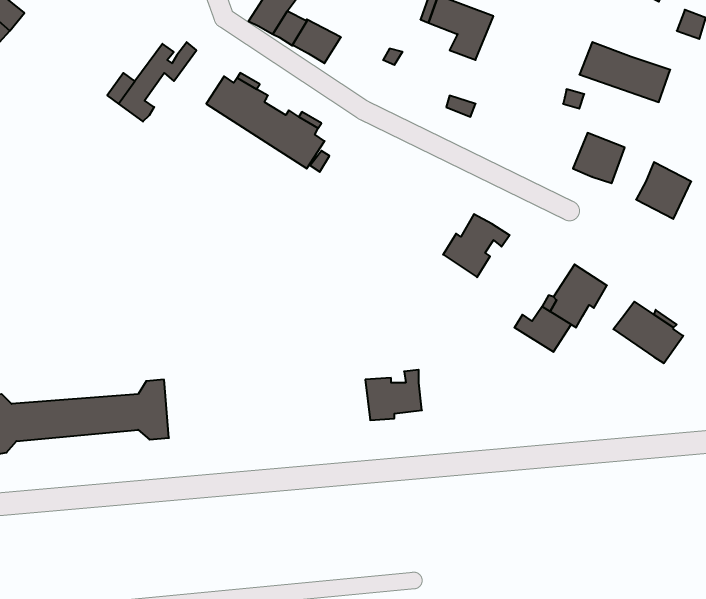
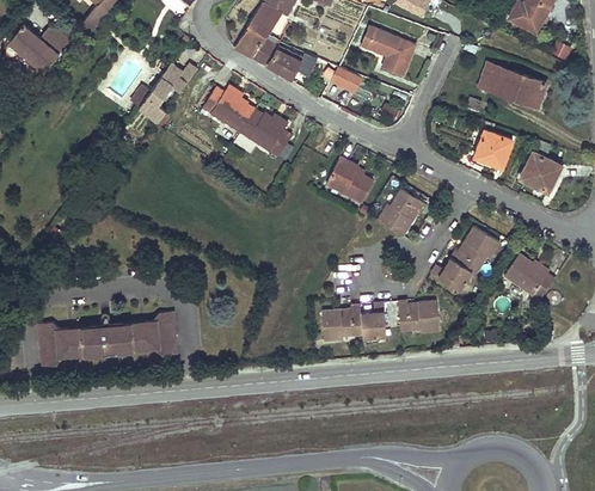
building: none -> [326,158,373,202]
building: none -> [397,301,438,333]
building: none -> [360,303,386,339]

